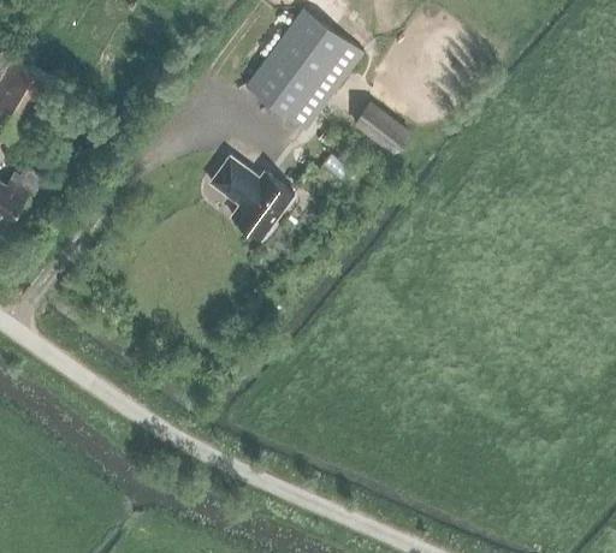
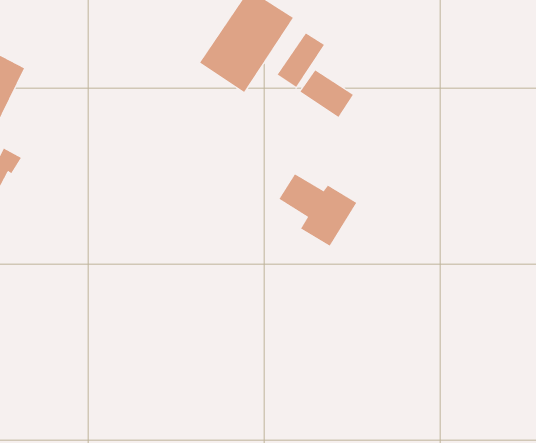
building: none -> [277,32,325,88]
building: [208,156,294,238] -> [278,174,357,246]

